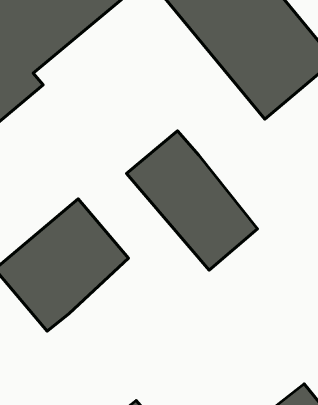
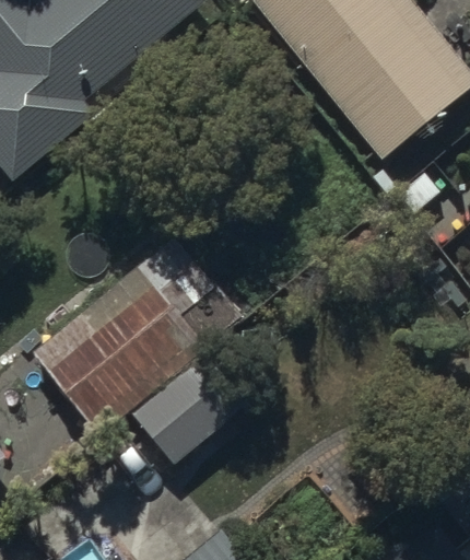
building: [127,131,258,270] -> none
building: none -> [129,339,255,465]

